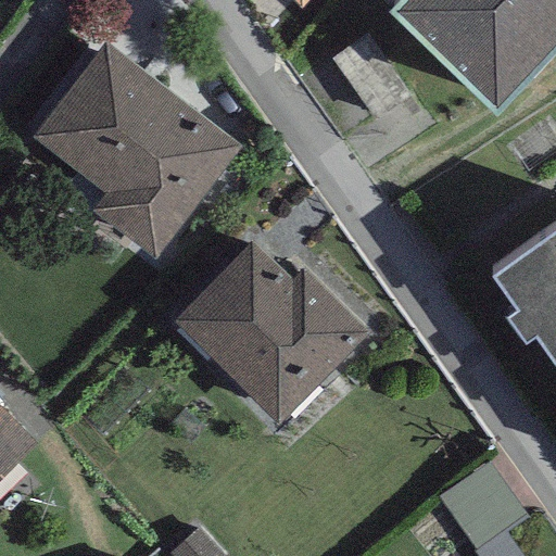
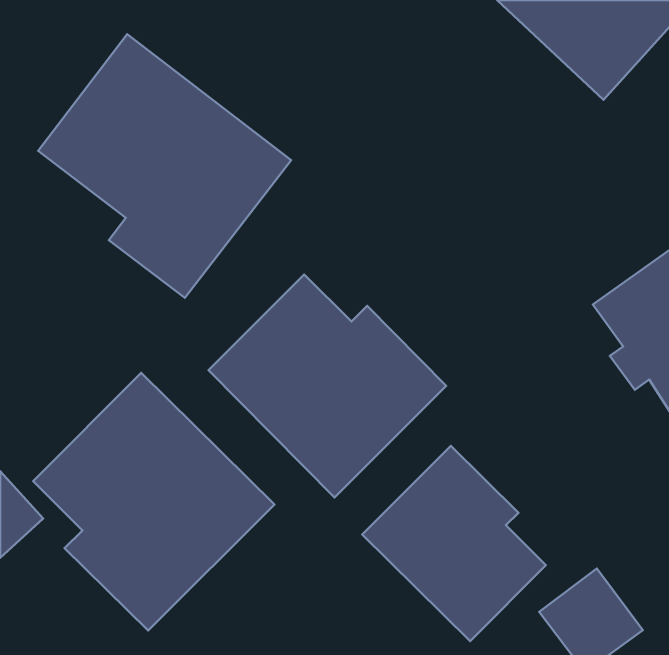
building: none -> [33,373,274,631]
building: none -> [362,446,546,641]

